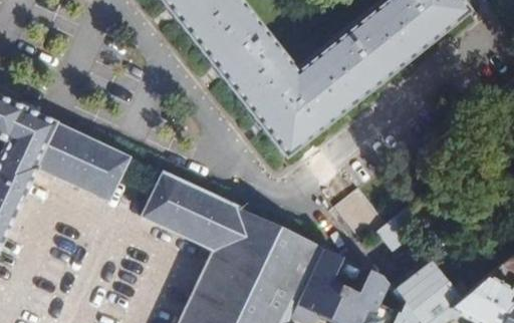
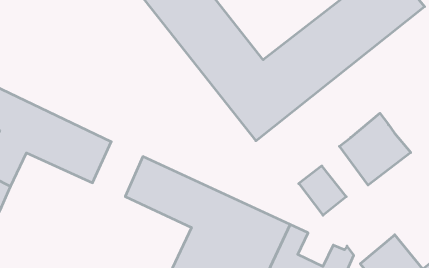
building: none -> [339,113,411,185]

